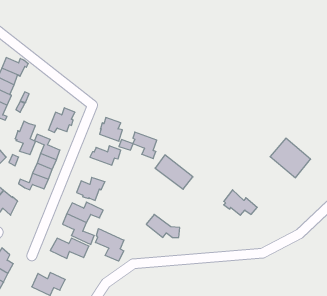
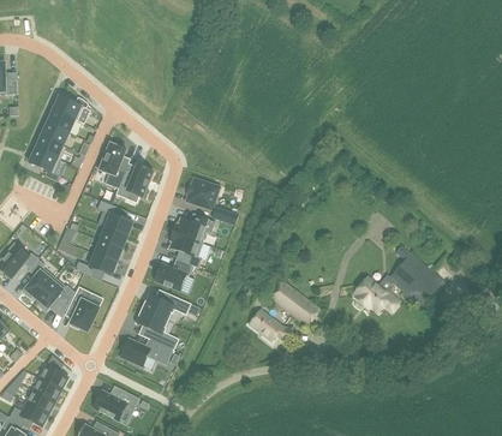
building: [15,121,35,155] -> [97,142,125,187]
building: [133,132,157,159] -> [169,231,202,267]
building: [270,138,311,178] -> [388,252,443,306]
building: [155,155,193,189] -> [269,279,321,325]
building: none -> [68,286,97,330]
building: [96,229,124,261] -> none

